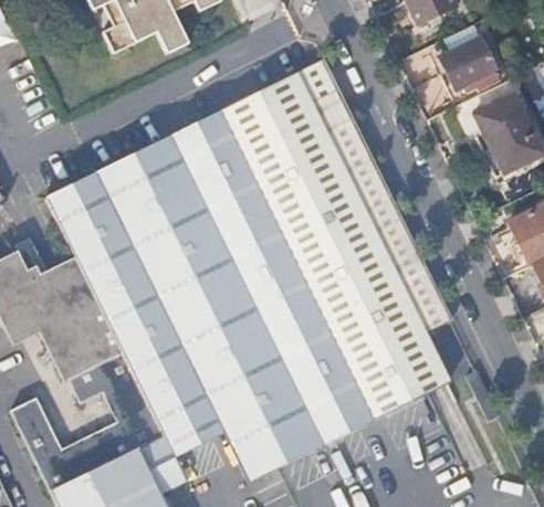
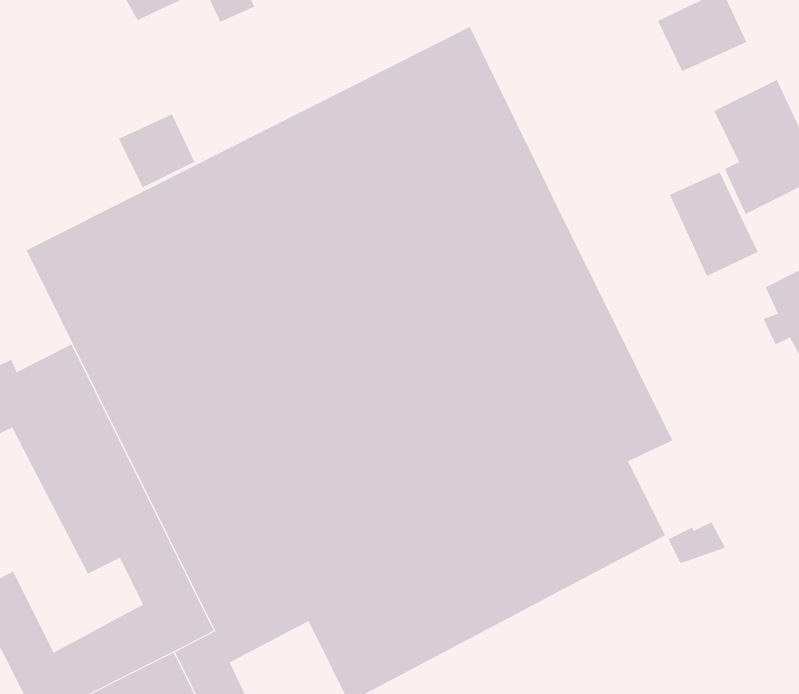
building: none -> [118,113,195,188]
building: none -> [669,172,759,277]

